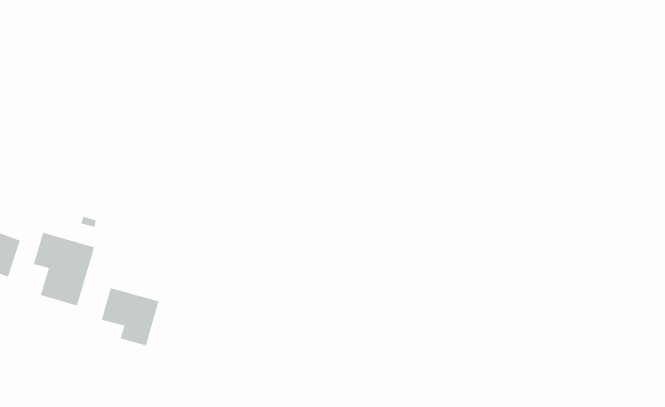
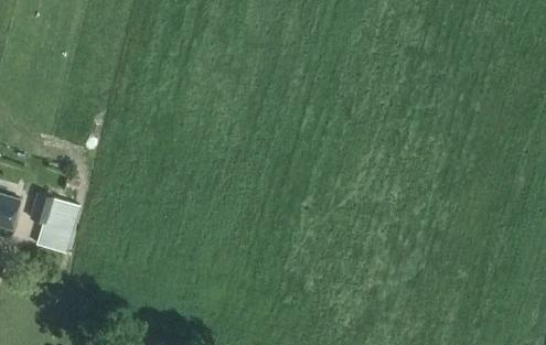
building: [101,287,159,346] -> none

